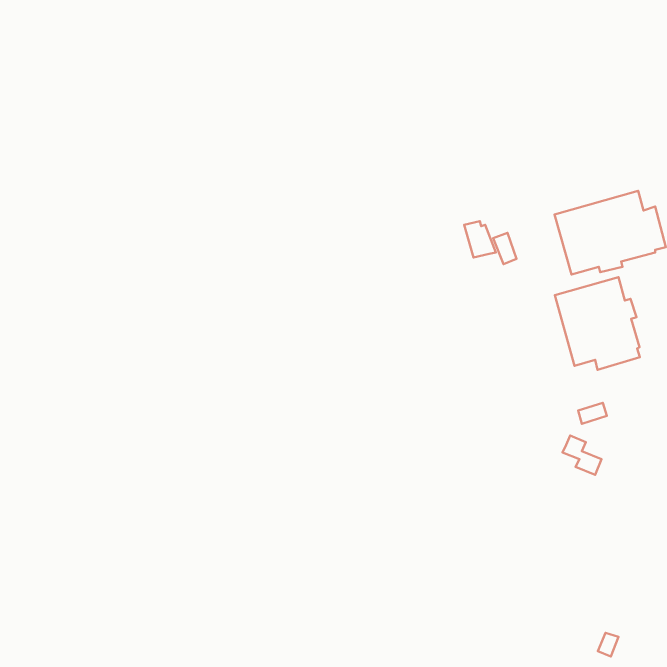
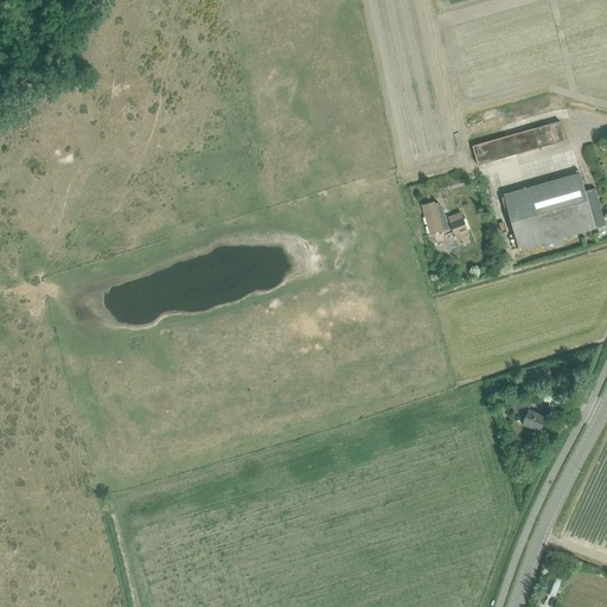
building: none -> [472,120,564,165]
building: [555,277,640,370] -> none

